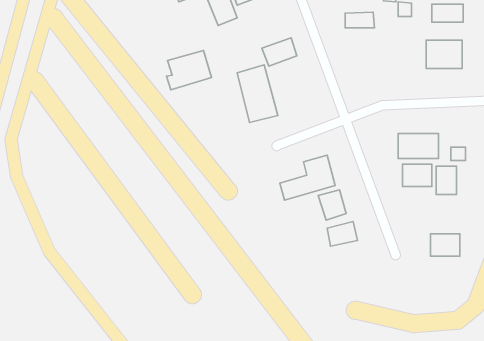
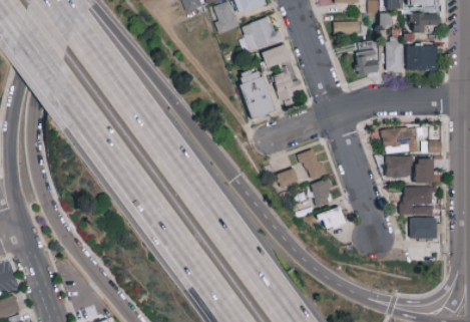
building: none -> [387,38,403,71]
building: none -> [357,50,380,74]
building: [166,50,211,90] -> [241,16,281,51]
building: none -> [274,71,305,99]
building: none -> [402,186,434,213]

